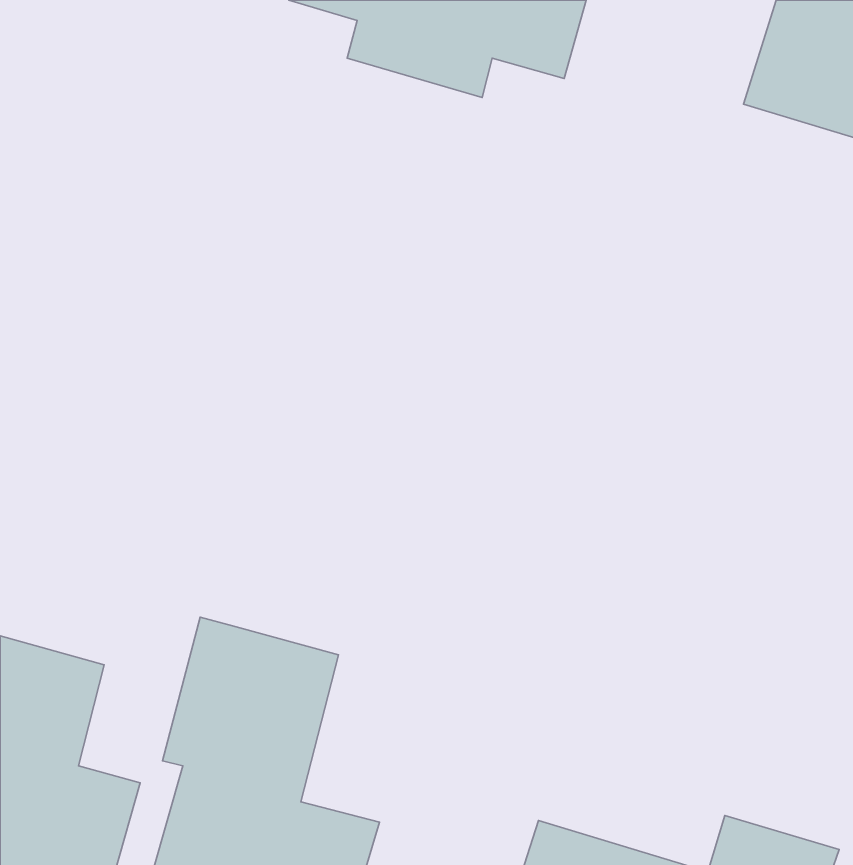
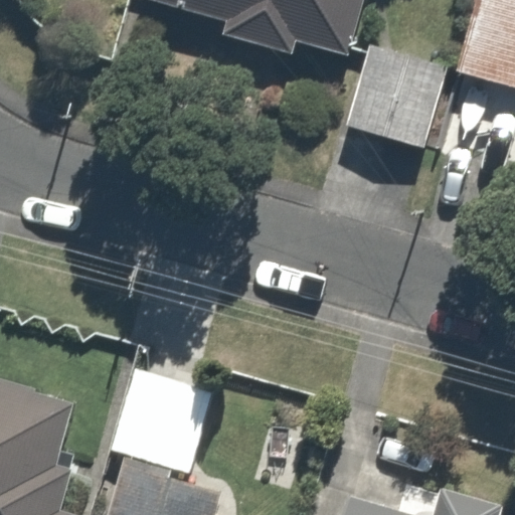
building: none -> [341,53,464,159]

